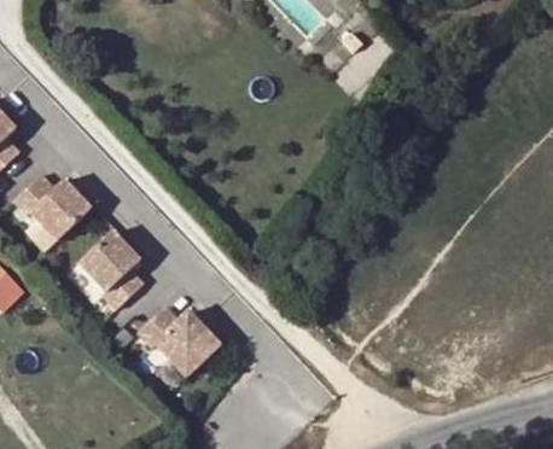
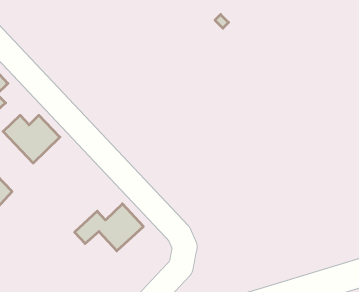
building: [72,227,140,307] -> none

